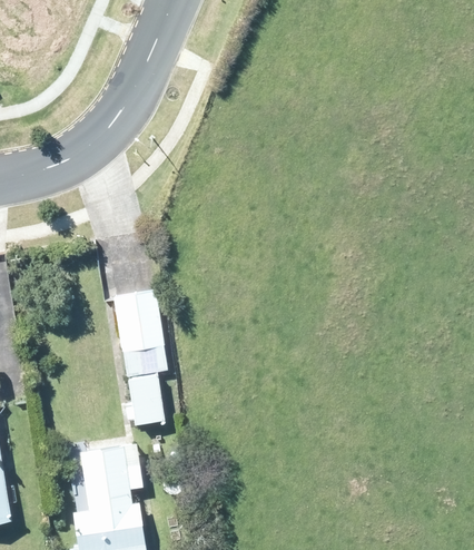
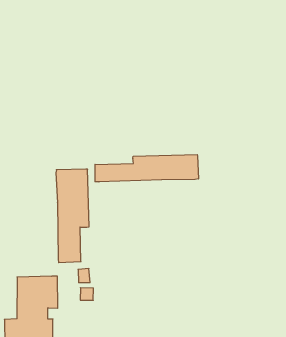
building: none -> [95,155,198,182]

